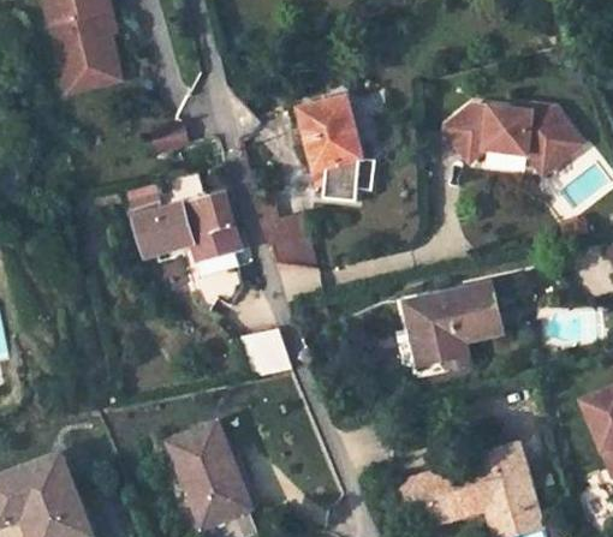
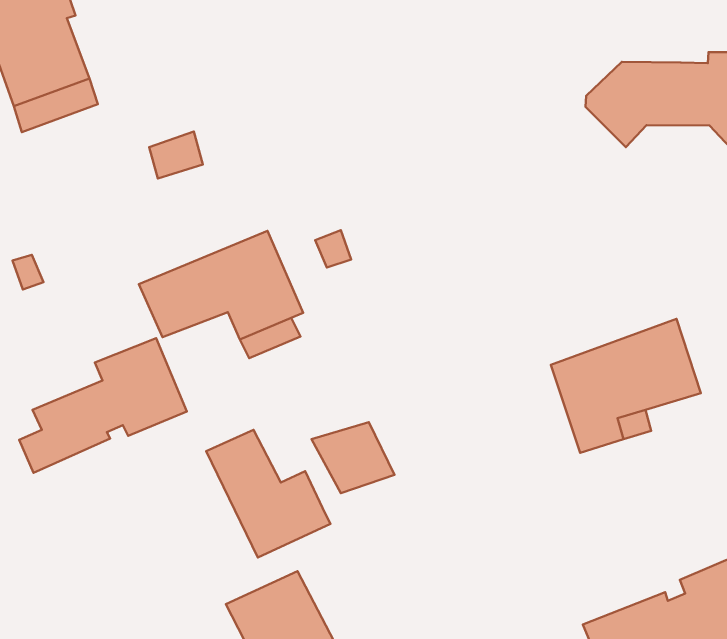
building: [298,97,374,199] -> none
building: none -> [19,338,187,473]
building: none -> [206,430,330,557]

